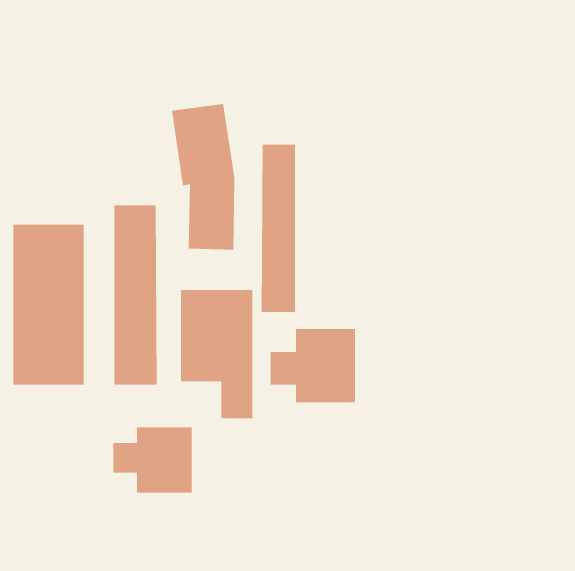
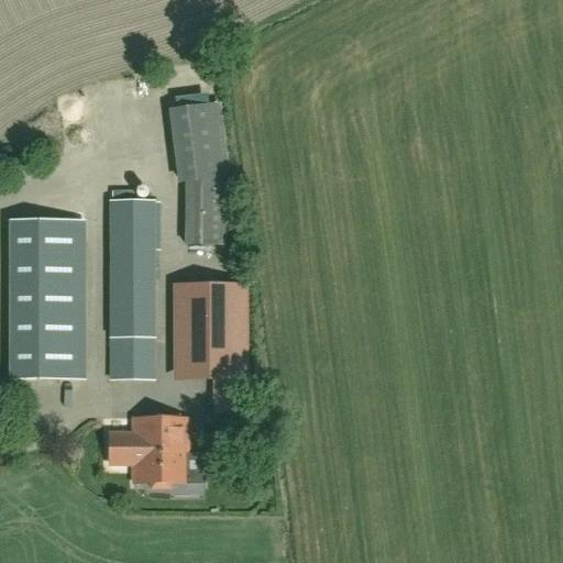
building: [261,144,295,313] -> none
building: [270,328,356,403] -> none

